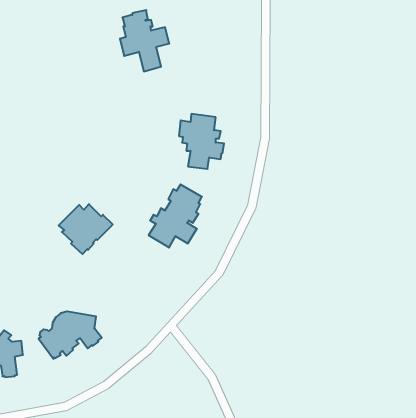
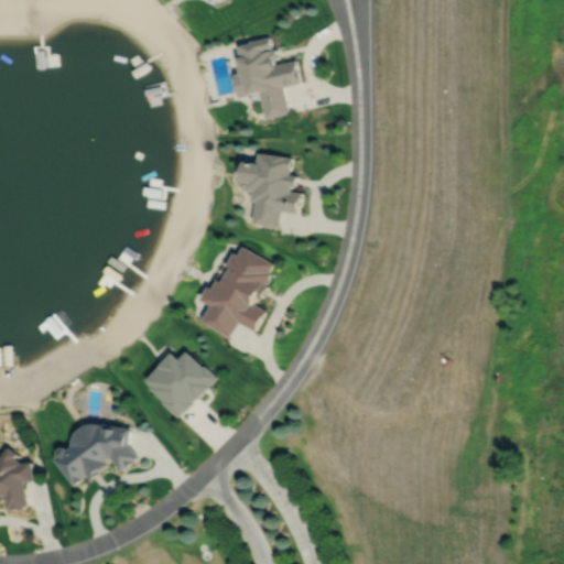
building: [120,10,169,71] -> [232,37,299,120]
building: [59,204,113,254] -> [143,348,216,415]

